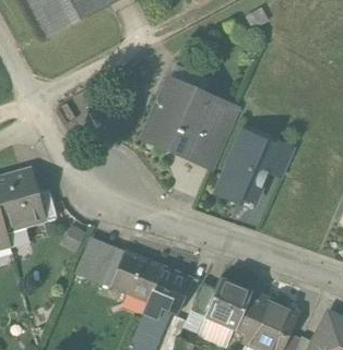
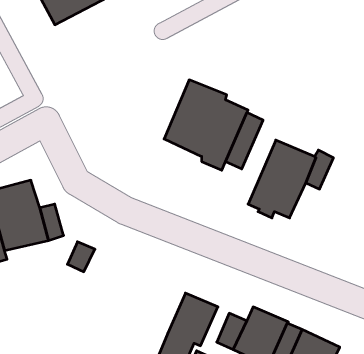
building: [76,242,115,282] -> none
building: [110,249,164,301] -> none

